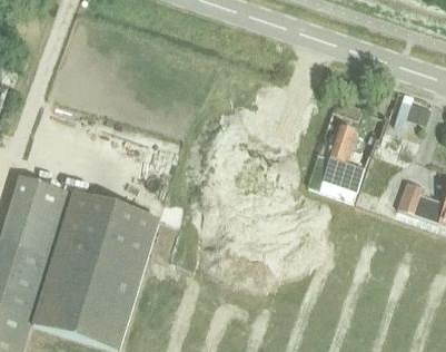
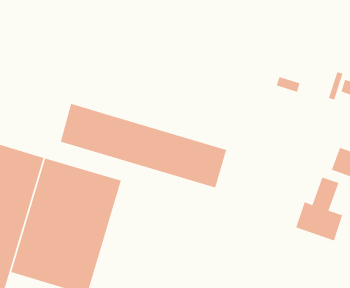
building: [308,125,363,198] -> [295,177,343,241]
building: none -> [60,103,227,189]

